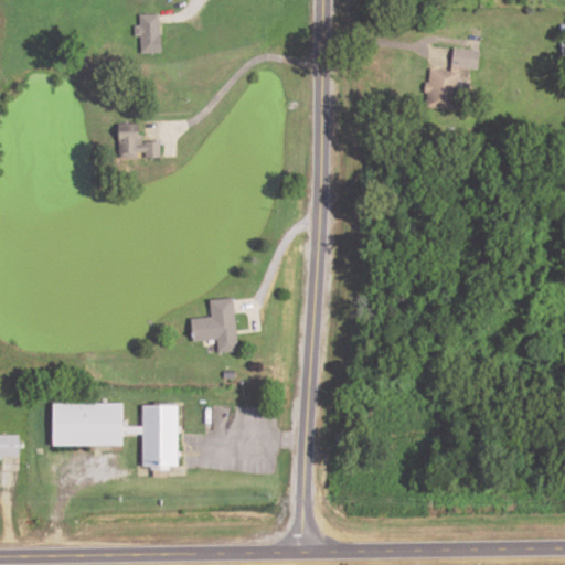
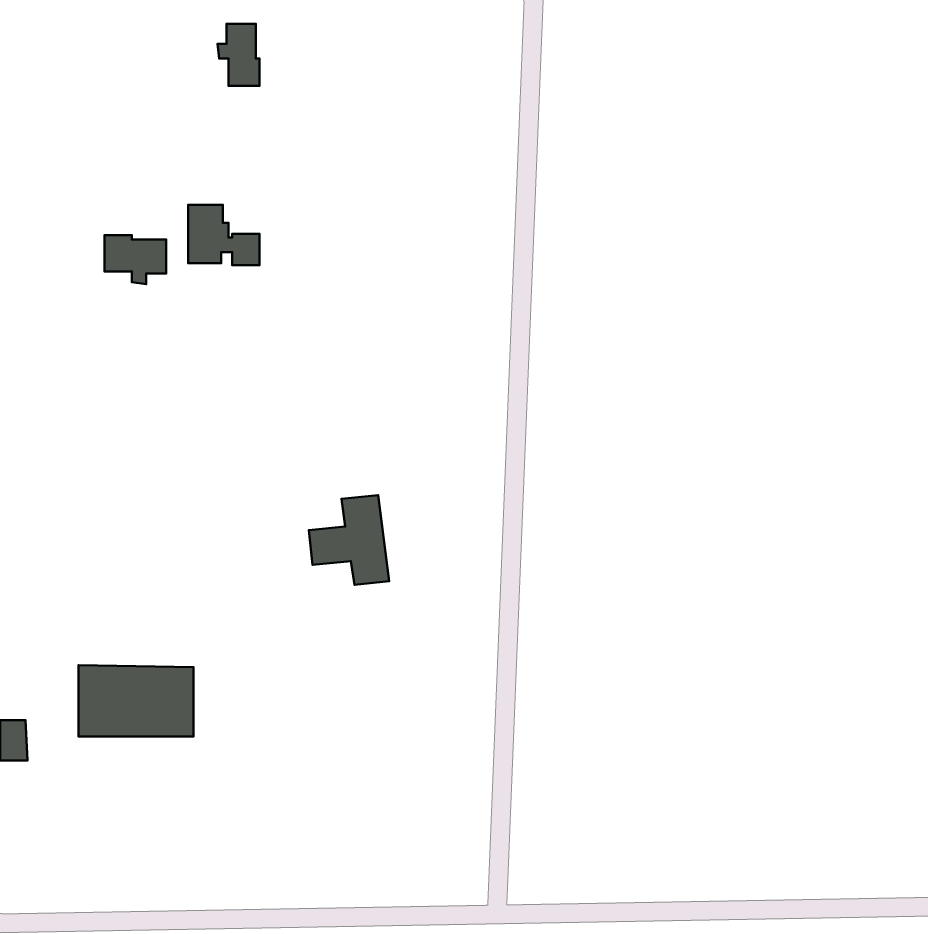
building: [425,49,479,114] -> none
building: none -> [105,235,166,284]
building: [140,404,177,466] -> none

